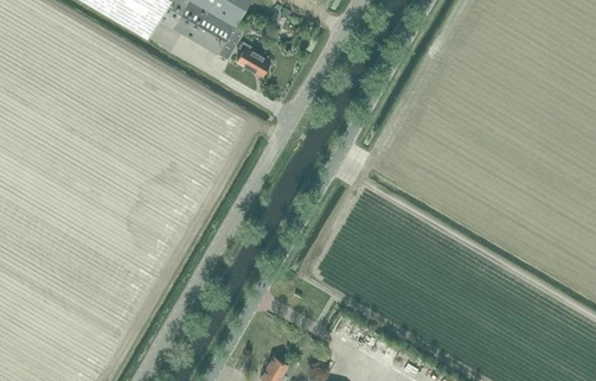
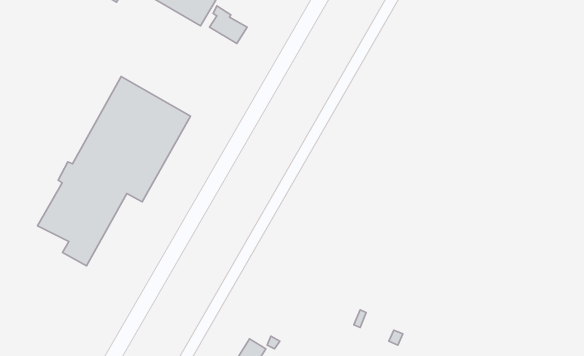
building: none -> [37,76,191,266]

